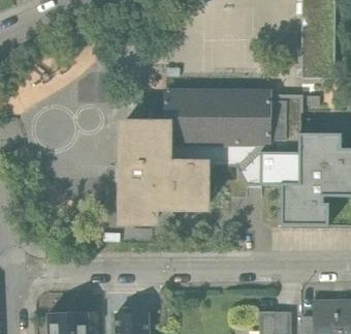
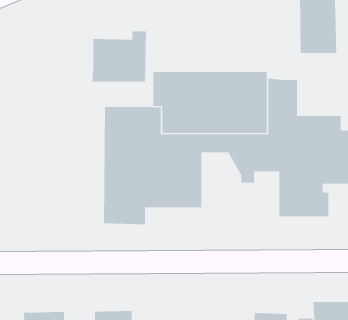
building: none -> [92,30,146,82]

